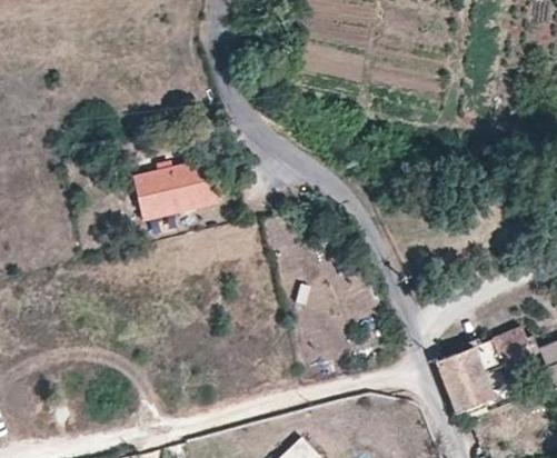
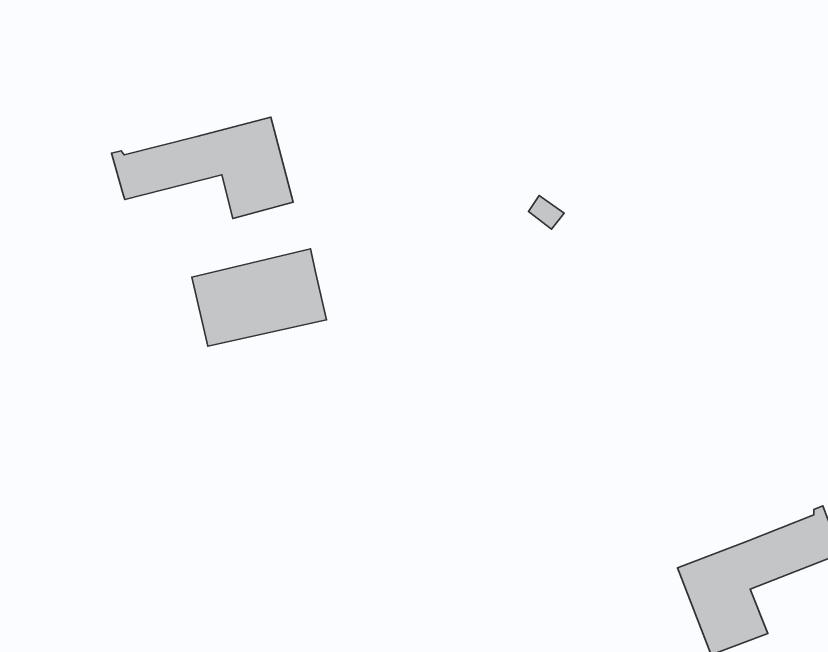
building: none -> [112,117,293,219]

